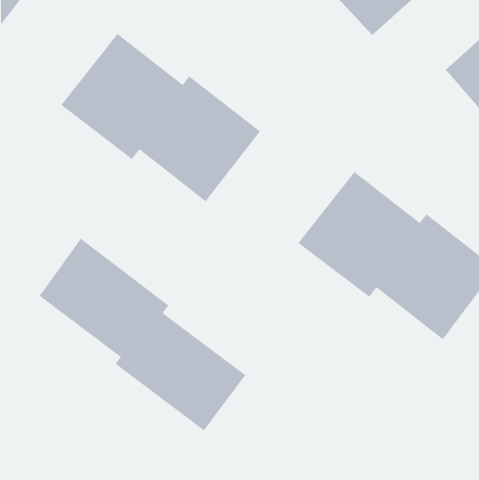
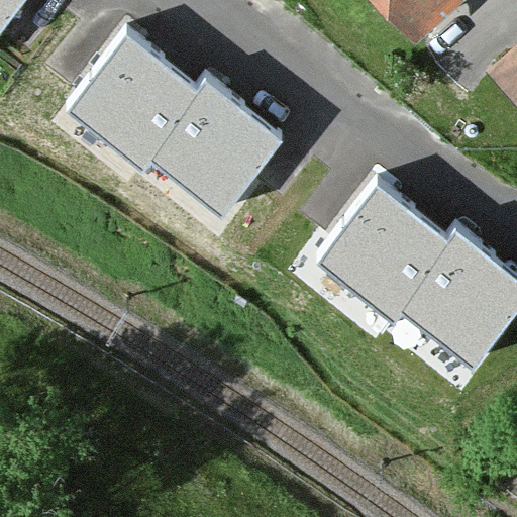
building: [39,238,246,431] -> none

